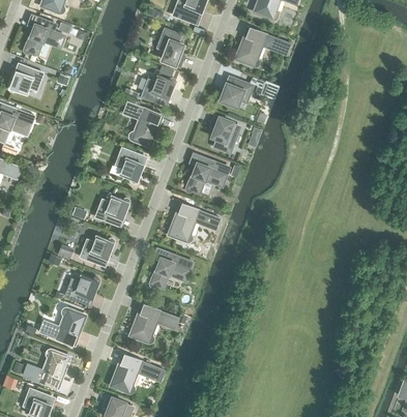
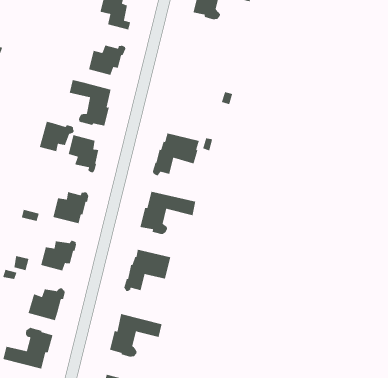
building: [221,78,253,106] -> none
building: [211,115,237,152] -> none
building: none -> [39,121,75,152]

